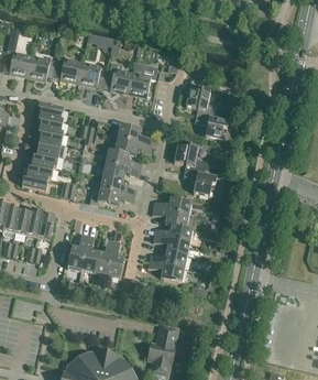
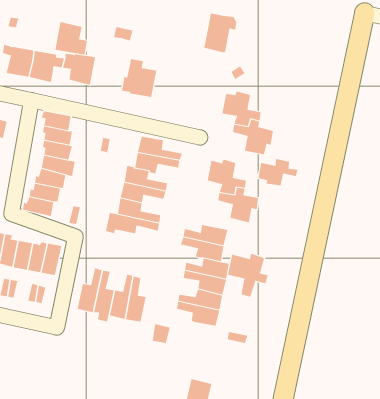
building: [78,59,106,87] -> [54,22,88,55]
building: [129,64,156,97] -> [204,13,237,53]
building: none -> [258,158,298,186]
building: none -> [228,253,269,298]

